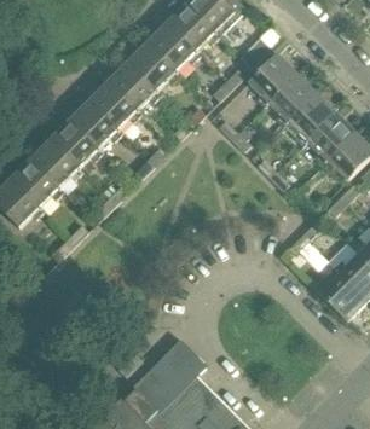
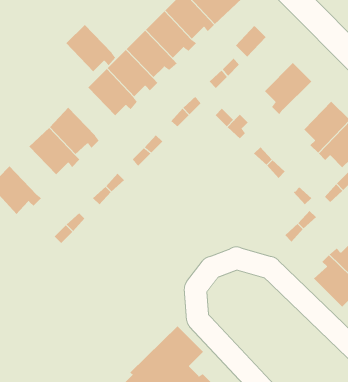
building: [248,53,297,108] -> none
building: [288,93,336,146] -> none
building: [71,99,122,147] -> [66,24,116,72]
building: [12,158,64,207] -> none

